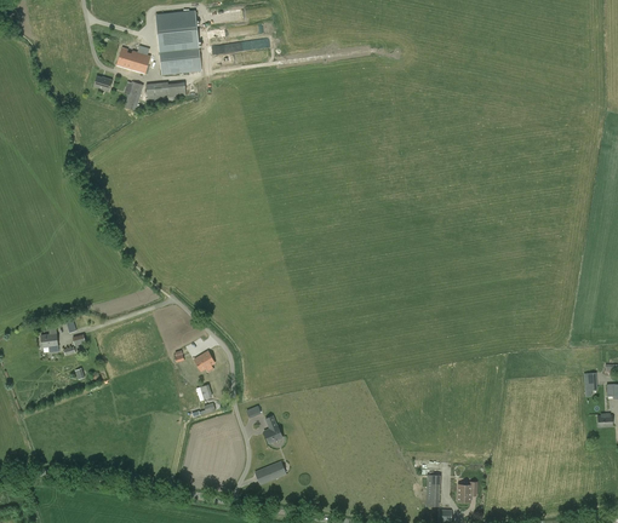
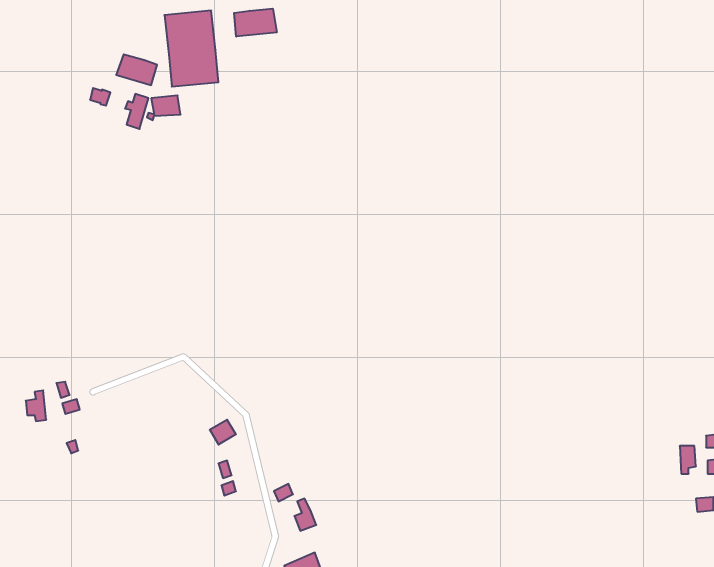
building: none -> [234,9,277,37]

